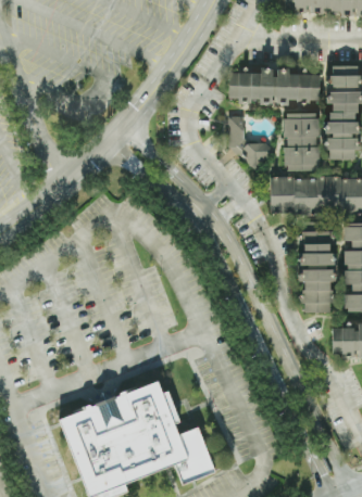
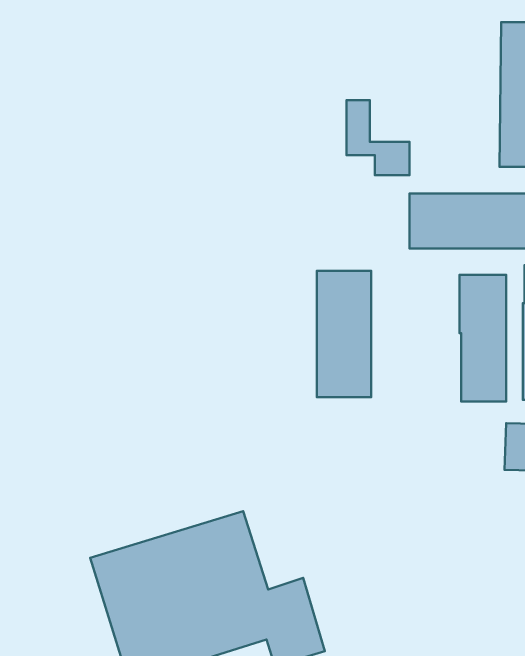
building: [228,69,320,100] -> none
building: [284,112,319,169] -> none
building: none -> [317,271,371,397]

